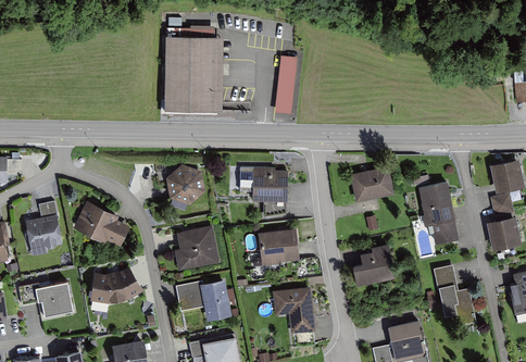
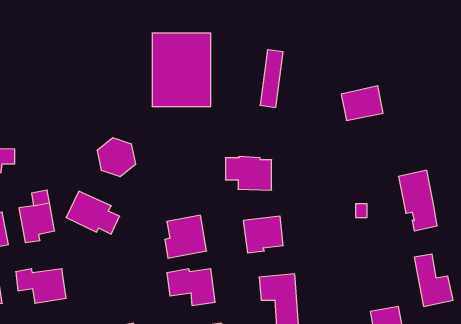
building: [164,164,204,204] -> [97,138,136,177]
building: [349,165,392,201] -> [341,86,383,120]
building: [354,246,393,286] -> none
building: [90,270,142,304] -> none

